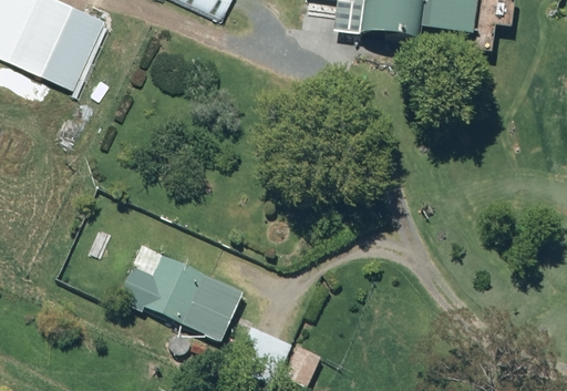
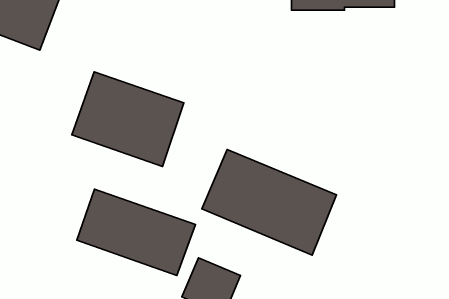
building: none -> [72,72,184,166]
building: none -> [202,149,337,255]

